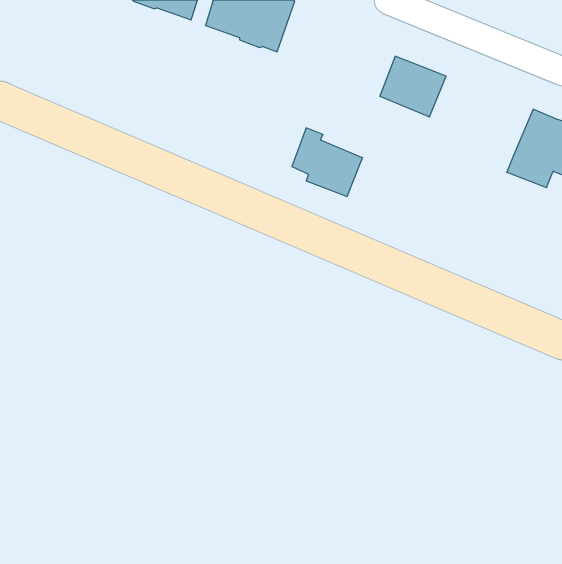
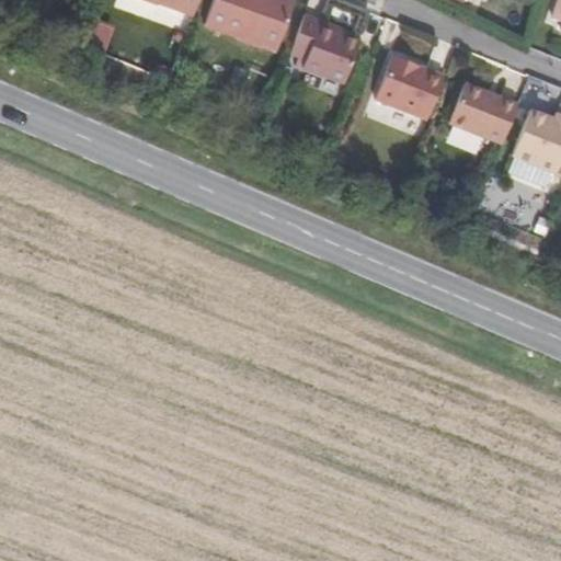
building: none -> [449,82,518,141]
building: [292,128,363,196] -> [290,11,360,79]

